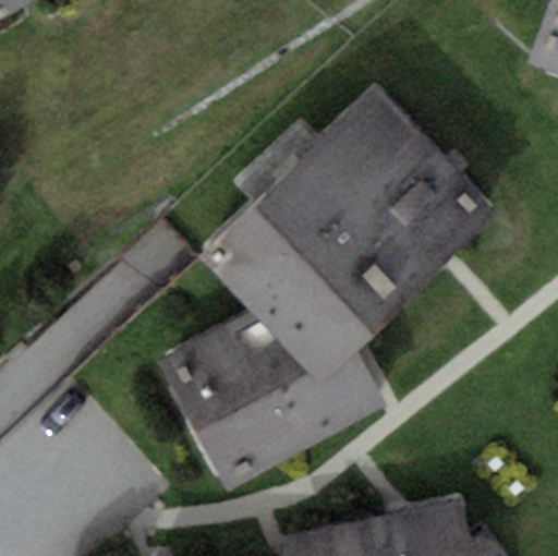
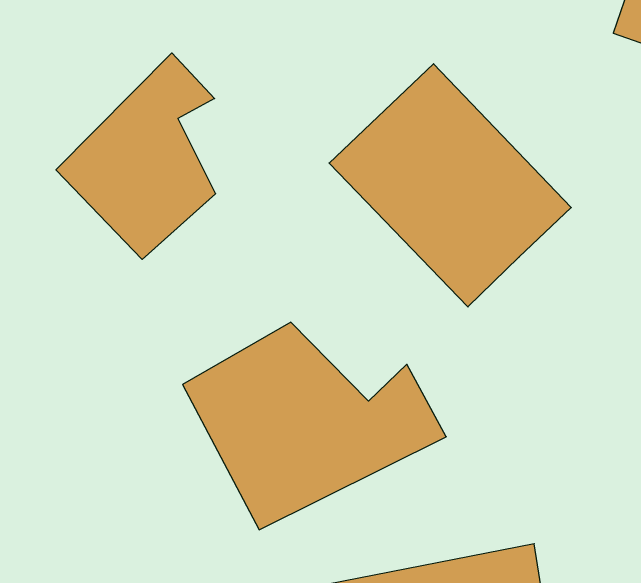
building: none -> [56,53,216,259]
building: [199,173,403,377] -> none

